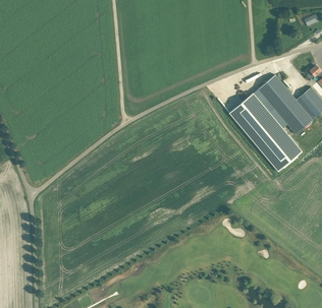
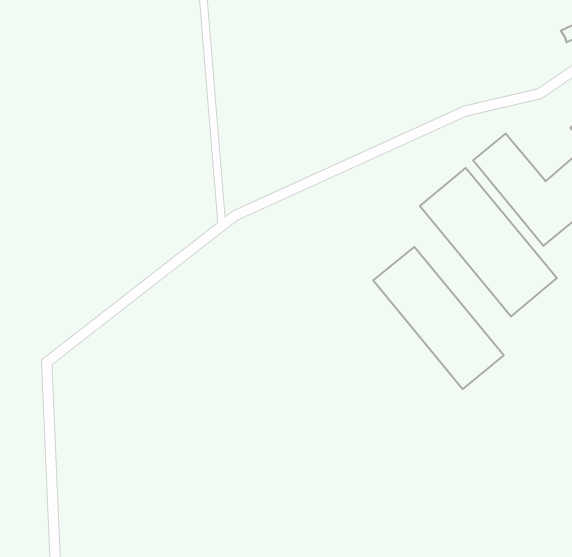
building: none -> [373,247,504,389]

